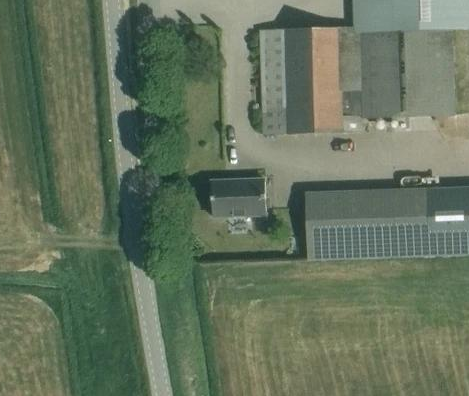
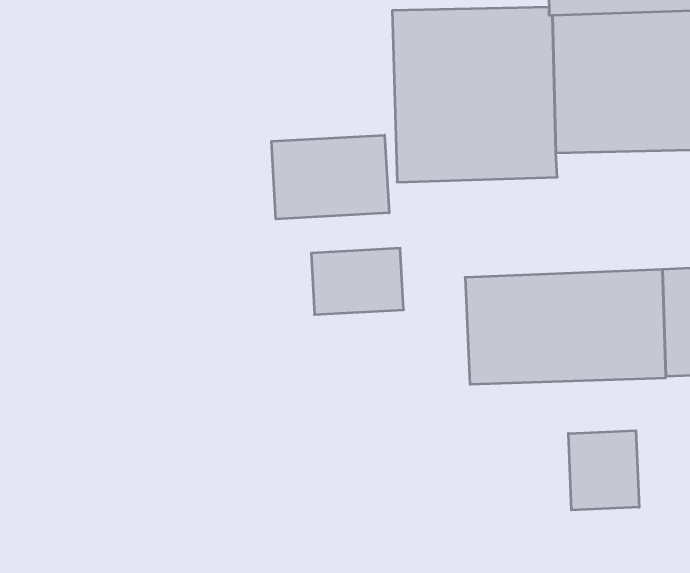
building: none -> [272,135,389,219]
building: none -> [568,431,639,510]

